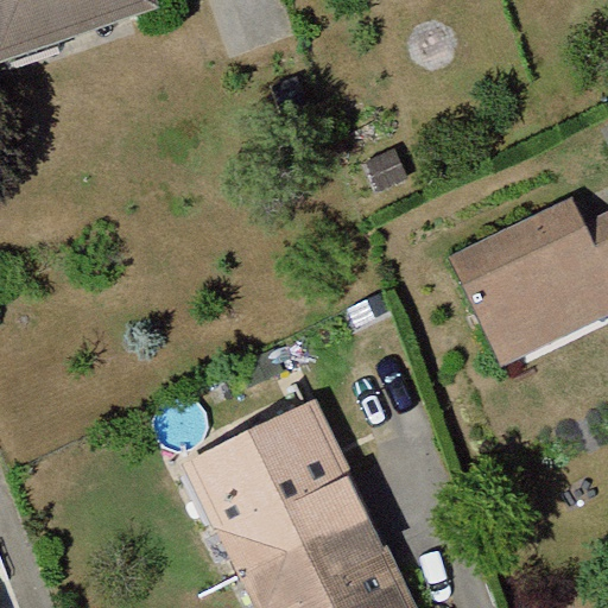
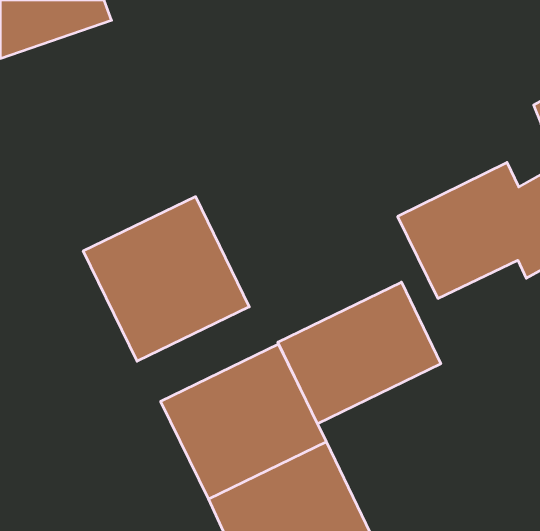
building: none -> [83,197,249,361]
building: none -> [278,282,441,424]

